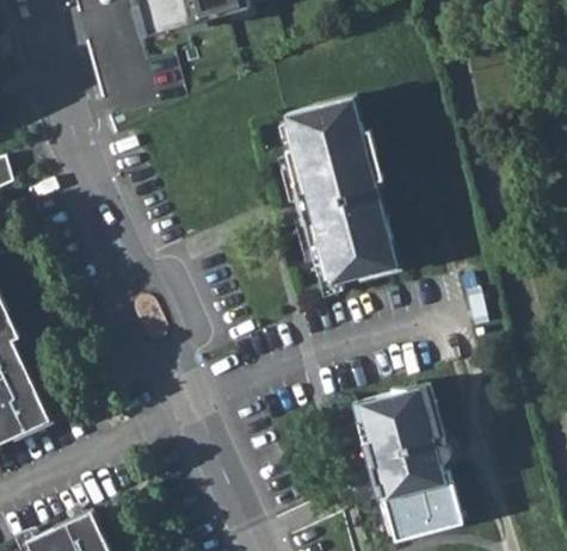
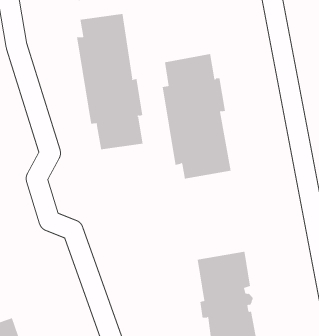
building: none -> [77,13,143,150]

